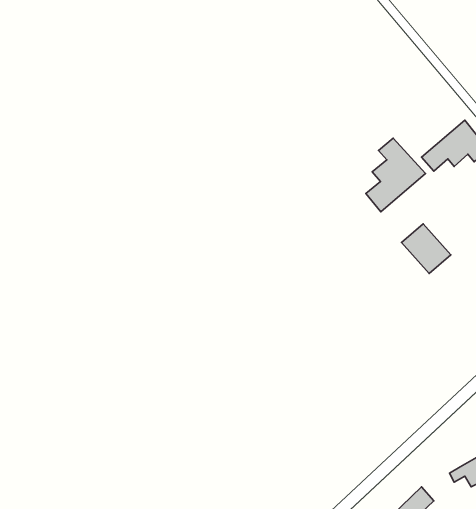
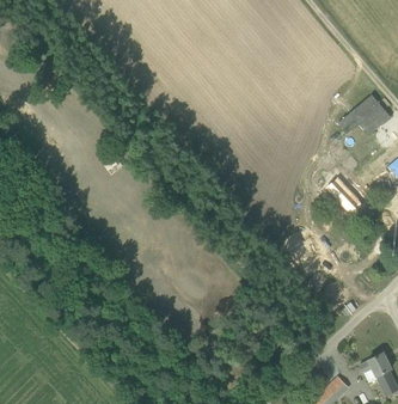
building: [366,138,426,212] -> none

